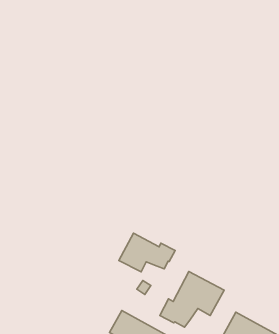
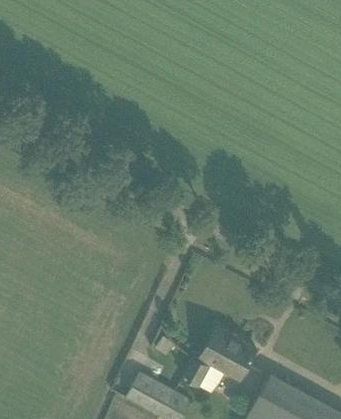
building: [119,233,175,272] -> none

